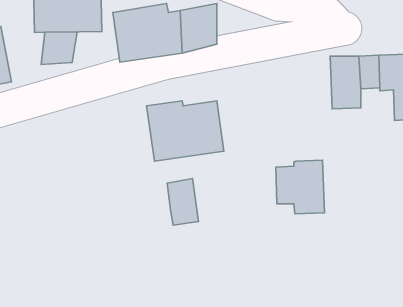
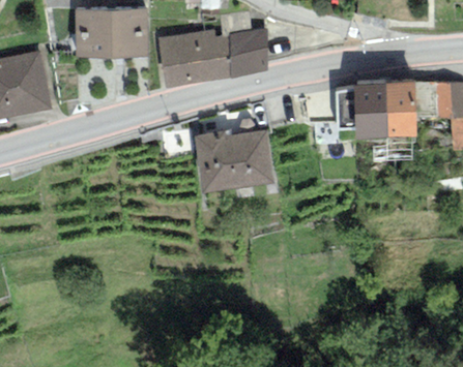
building: [41,32,77,65] -> none
building: [276,160,324,214] -> [336,82,386,137]
building: [167,179,199,225] -> none

